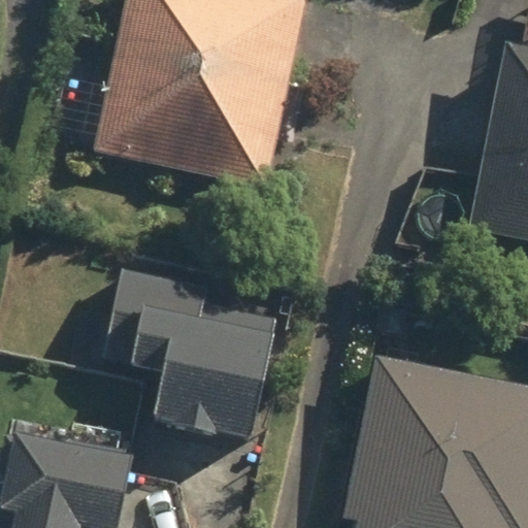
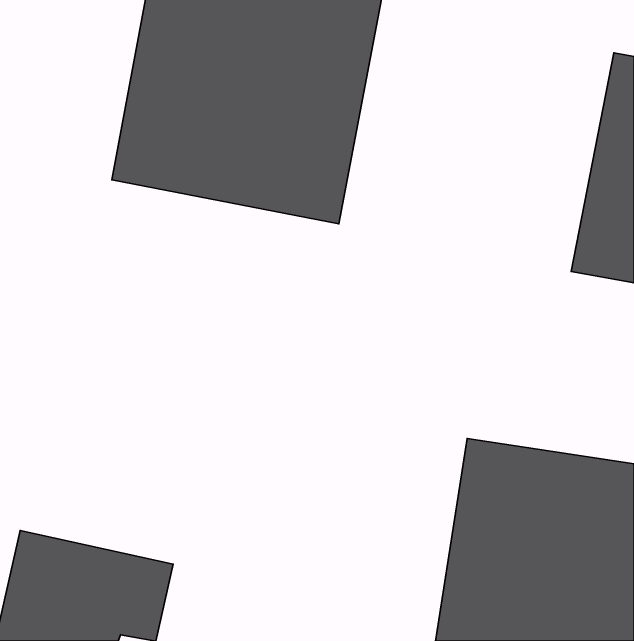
building: [103,270,276,446] -> none

